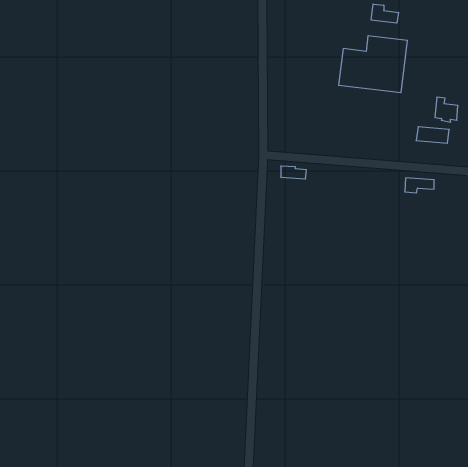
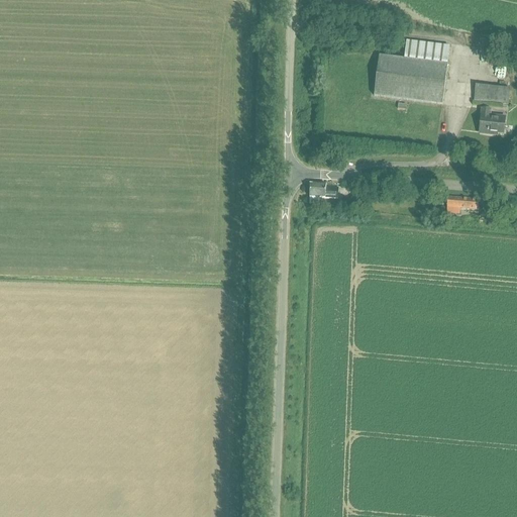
building: [371,4,399,23] -> none
building: [416,127,449,143] -> [473,84,509,102]

